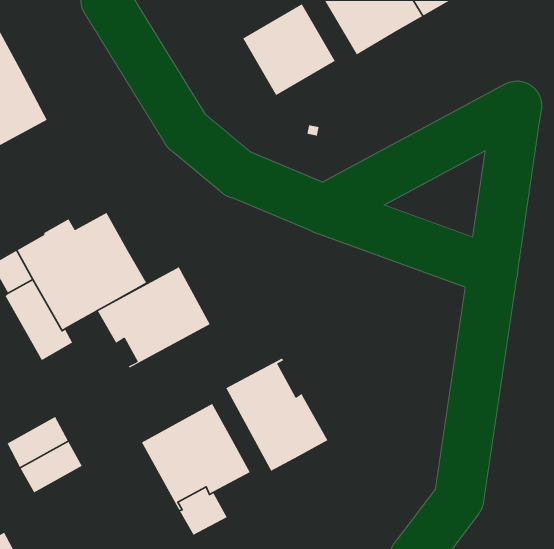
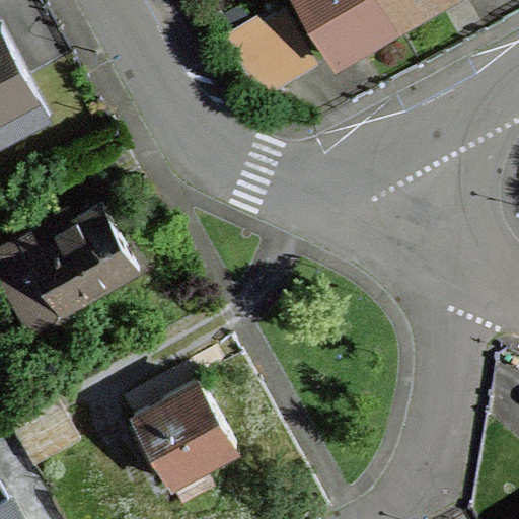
building: [97,266,211,368] -> none
building: [225,357,328,472] -> none

